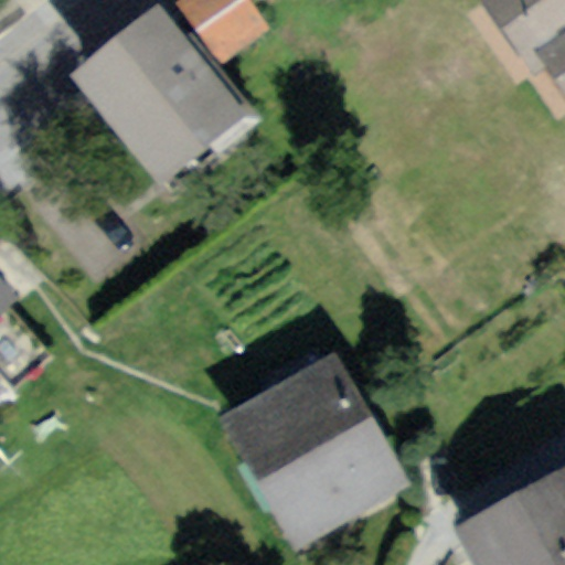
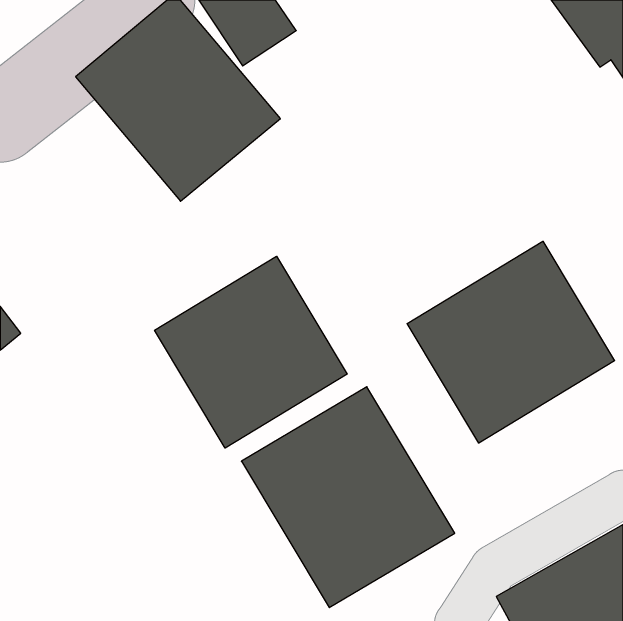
building: none -> [407,241,615,443]
building: none -> [155,256,347,448]

